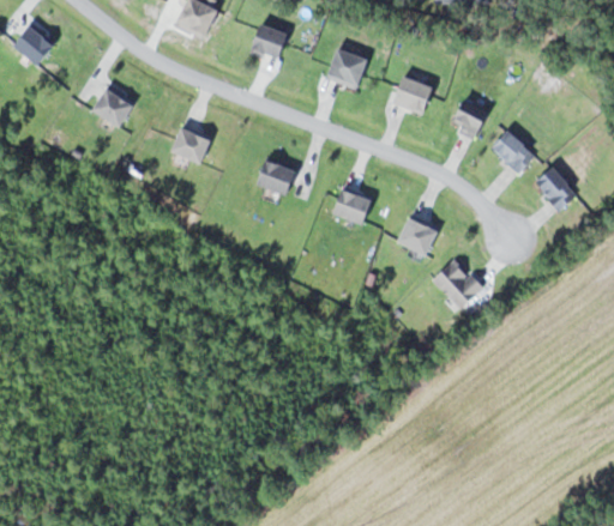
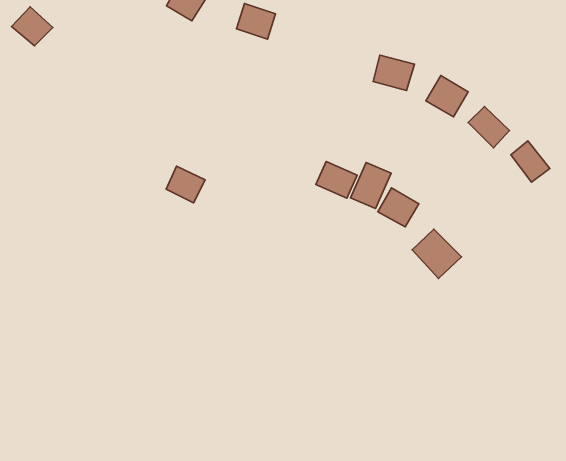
building: [325,48,369,91] -> none
building: [92,89,133,128] -> none
building: [170,127,211,165] -> [166,166,205,203]
building: [257,158,297,197] -> none
building: none -> [350,162,391,209]

